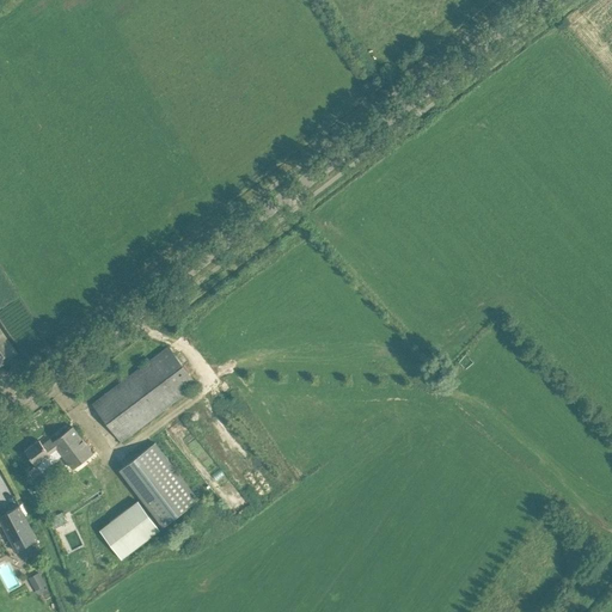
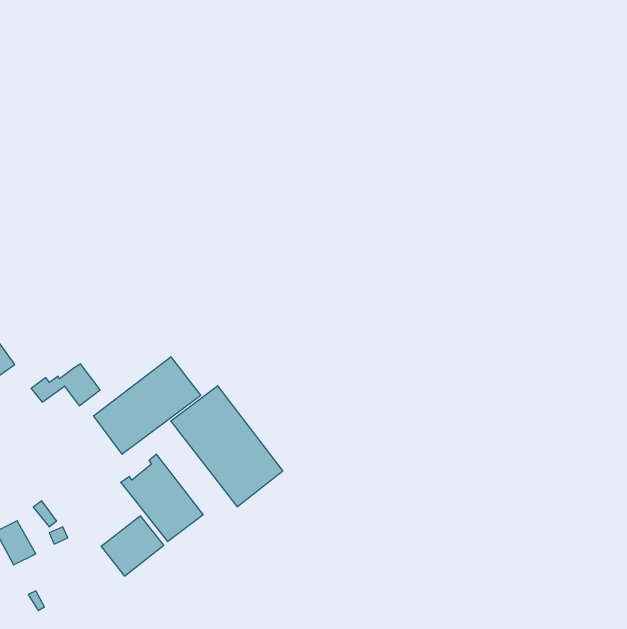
building: none -> [171,386,283,507]
building: [23,427,90,467] -> [31,364,100,406]

